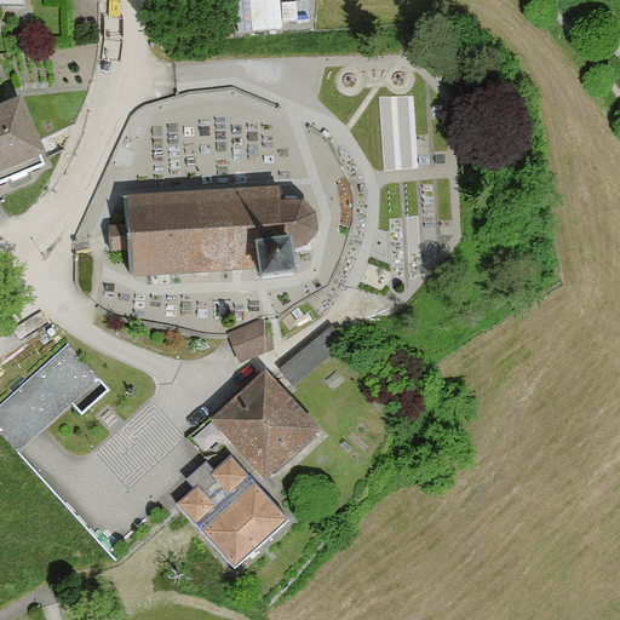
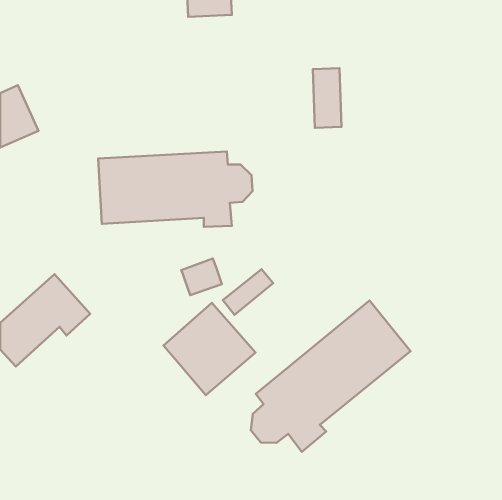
building: none -> [251,301,410,452]
building: [176,457,285,567] -> none

